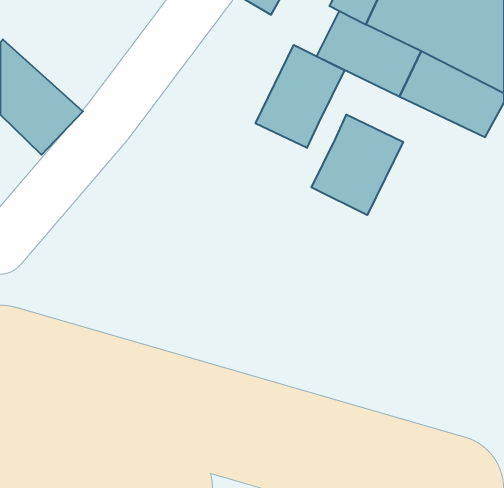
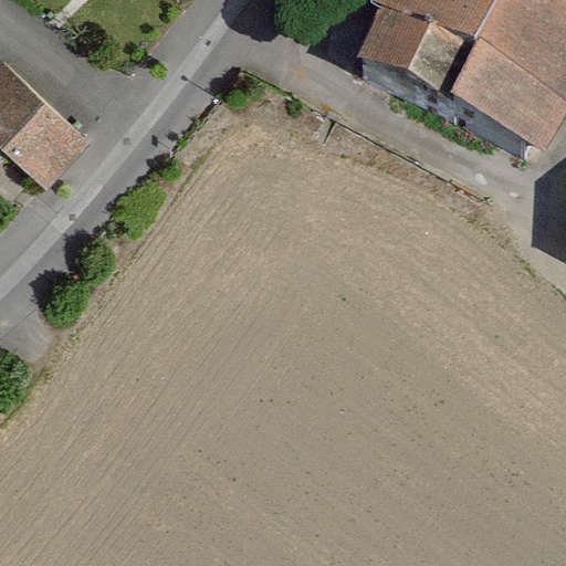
building: [256,45,344,148] -> none
building: [311,115,403,215] -> none

